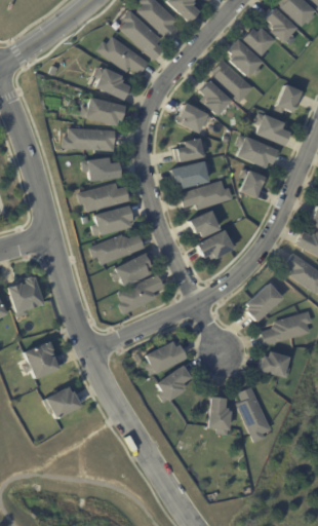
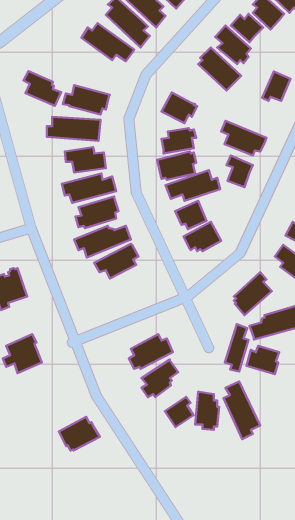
building: [93,64,130,98] -> [23,71,61,106]
building: [199,79,231,115] -> none
building: [253,110,290,145] -> none
building: [119,274,165,314] -> none
building: none -> [225,324,248,372]
building: [43,383,83,416] -> [59,417,100,451]
building: none -> [165,397,193,427]

